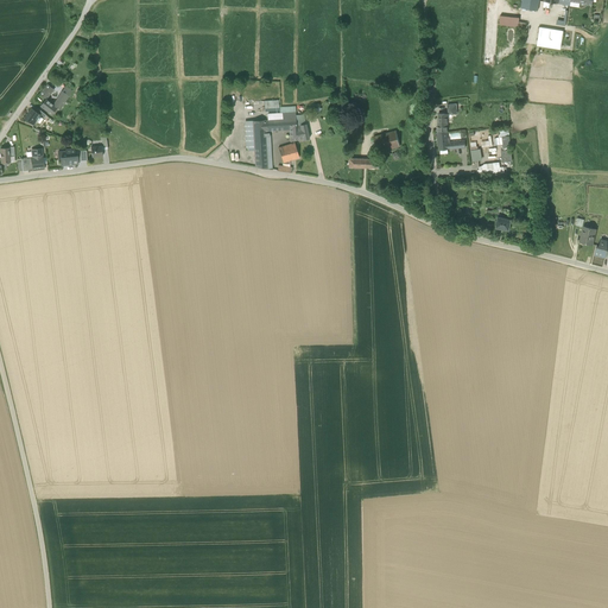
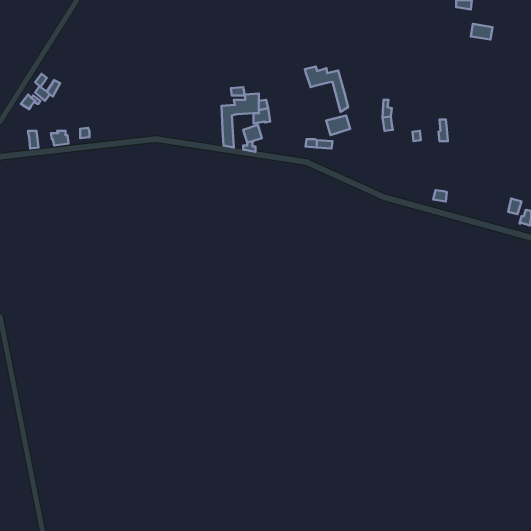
building: none -> [305,67,348,112]

